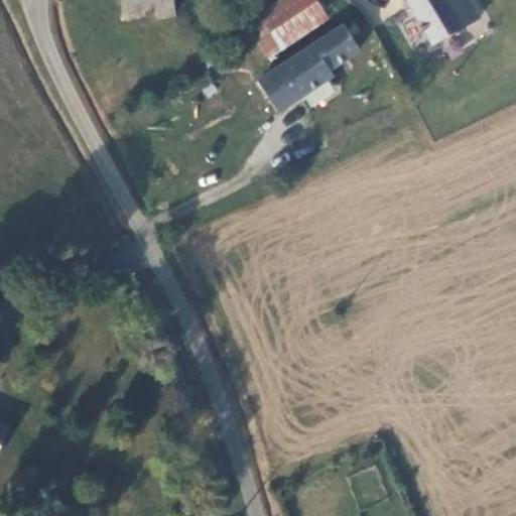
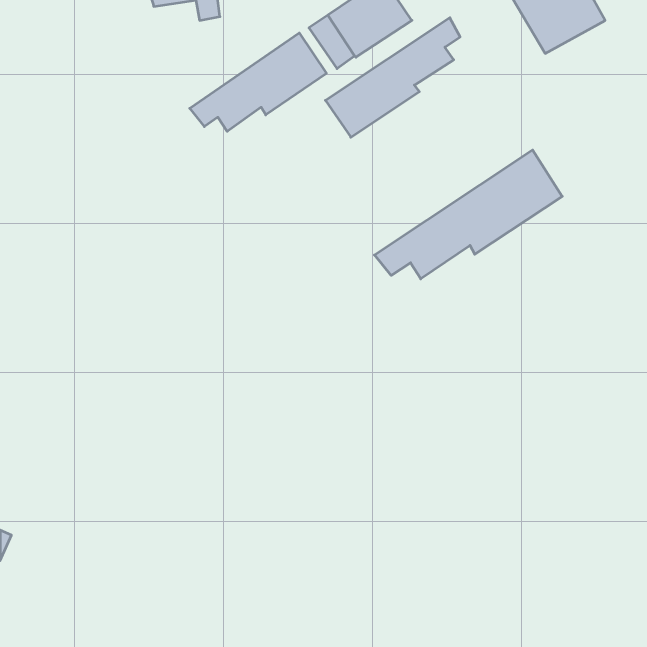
building: none -> [190,33,326,131]
building: none -> [374,150,562,279]

